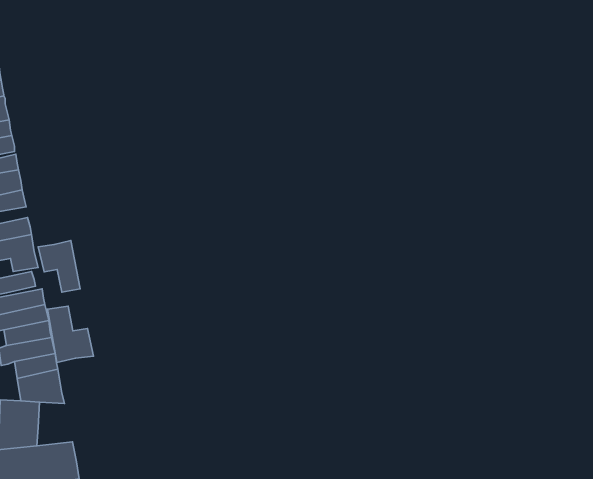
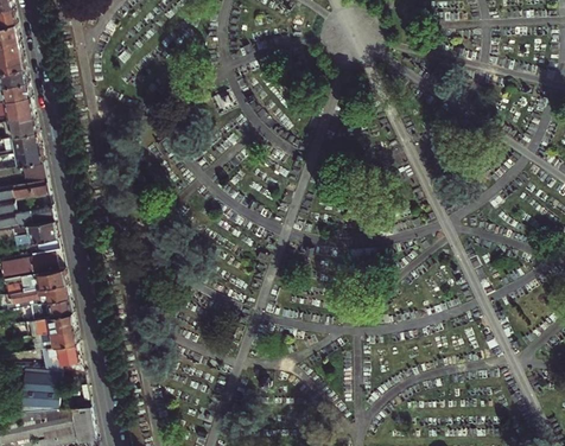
building: [38,241,80,292] -> none
building: [47,306,93,362] -> none

